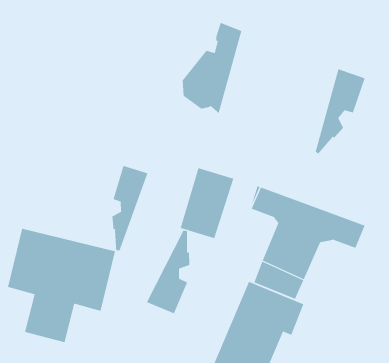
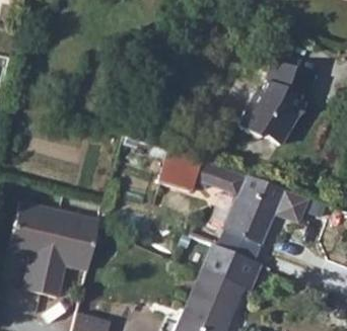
building: [182,22,242,114] -> [238,60,289,137]
building: [112,165,148,251] -> none
building: [146,230,190,314] -> none

